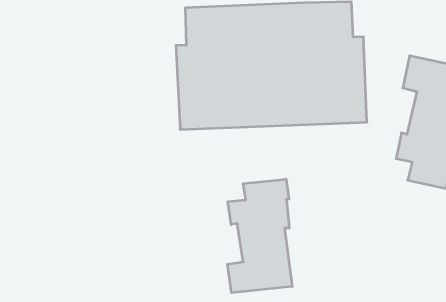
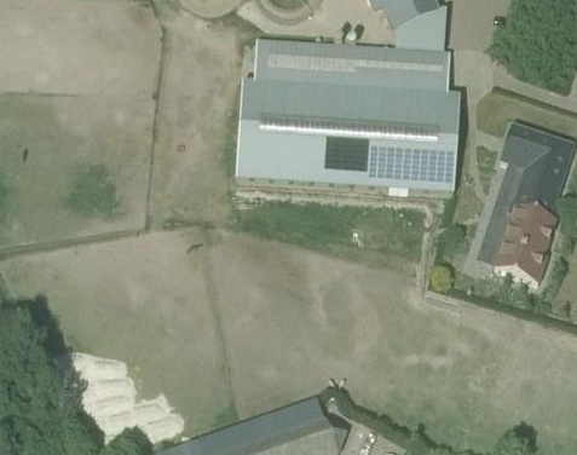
building: [228,179,292,293] -> none

